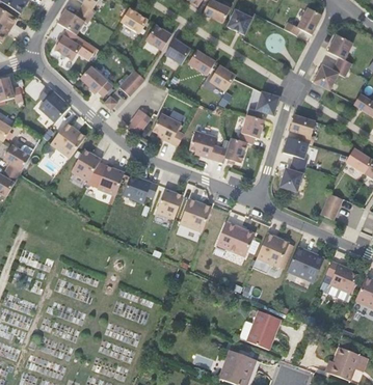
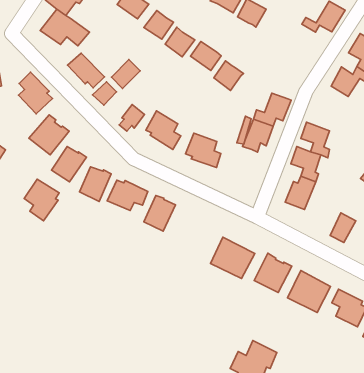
building: [217,137,247,162] -> none
building: none -> [24,179,59,221]
building: [180,197,211,231] -> none

